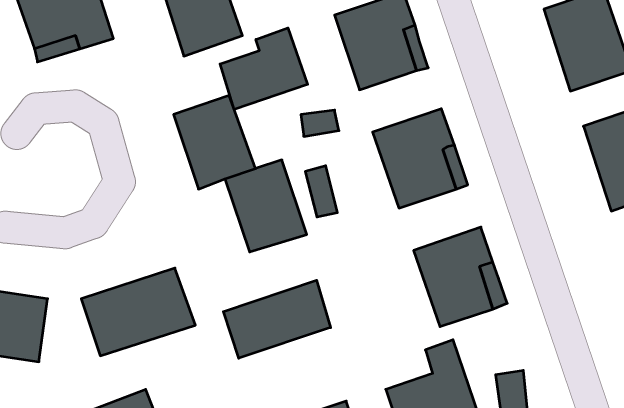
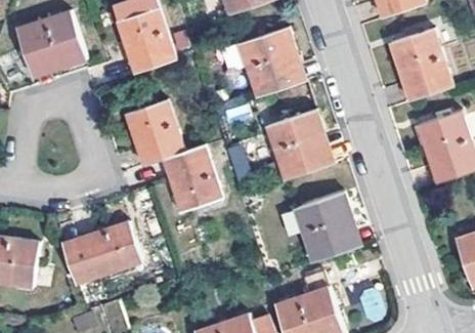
building: [220,28,308,109] -> none
building: [223,280,331,358] -> none

